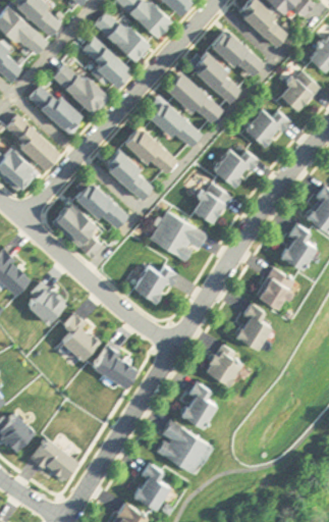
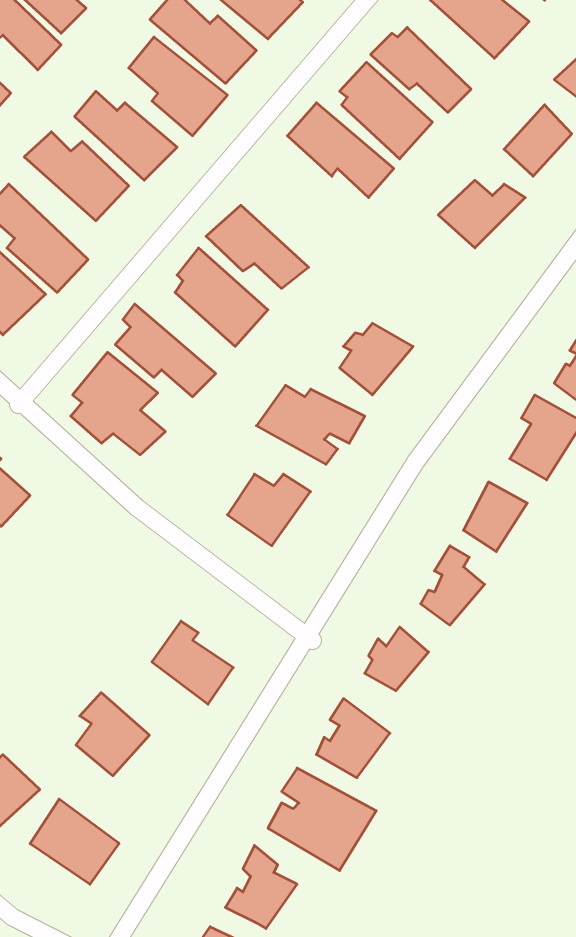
building: [148,102,200,145] -> none
building: [213,152,257,187] -> none
building: [28,285,66,325] -> none
building: [61,316,100,360] -> [76,693,149,776]

